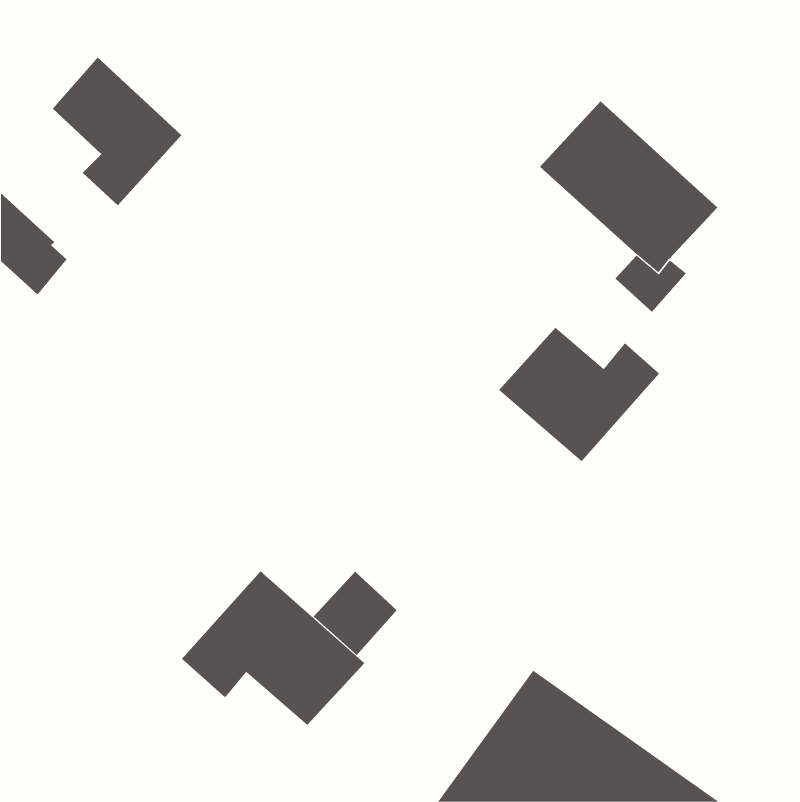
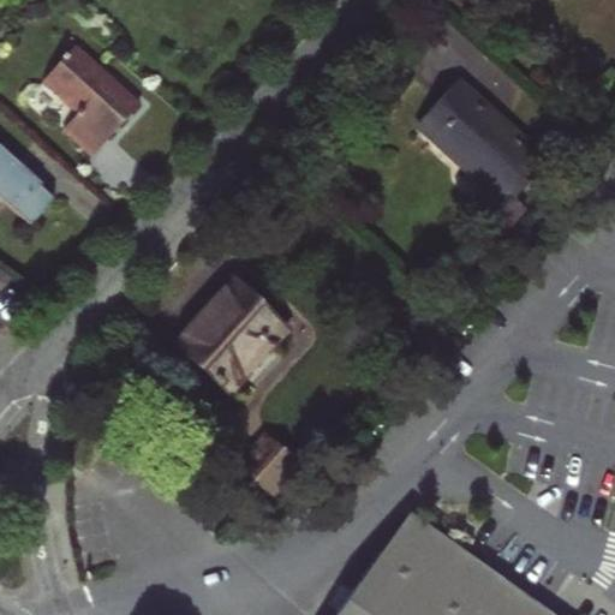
building: [498,327,660,462] -> none
building: none -> [173,279,292,399]
building: [181,571,365,726] -> none

